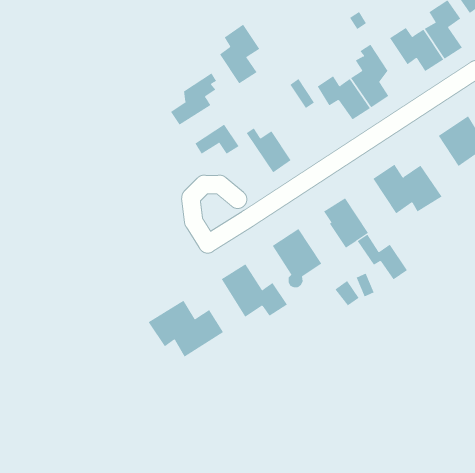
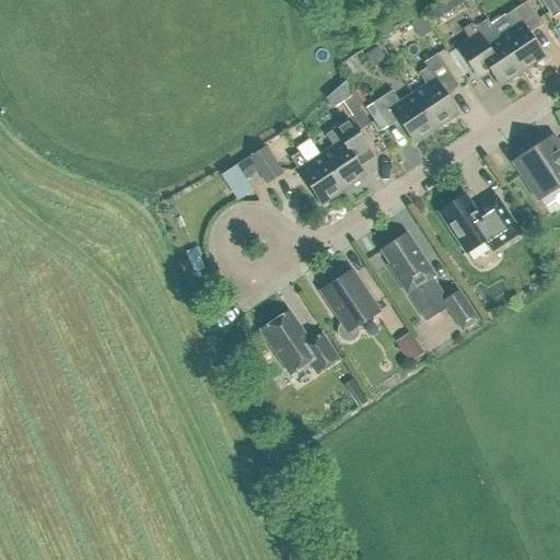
building: [219,24,260,84] -> [320,117,369,188]
building: [170,73,217,125] -> none
building: [148,300,224,357] -> none

